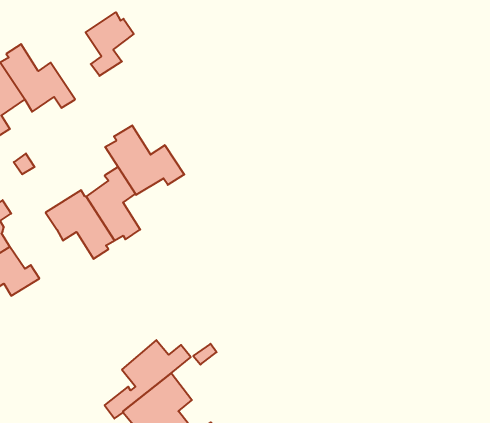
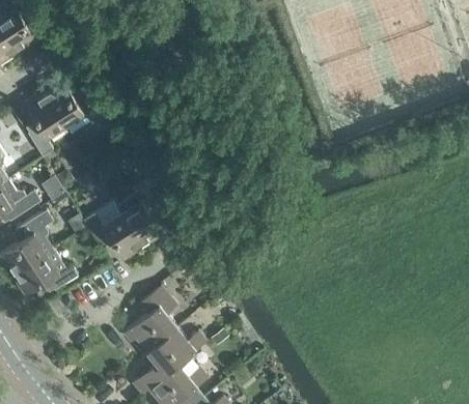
building: [86,12,134,76] -> none
building: [105,125,184,195] -> none
building: none -> [123,285,177,352]

